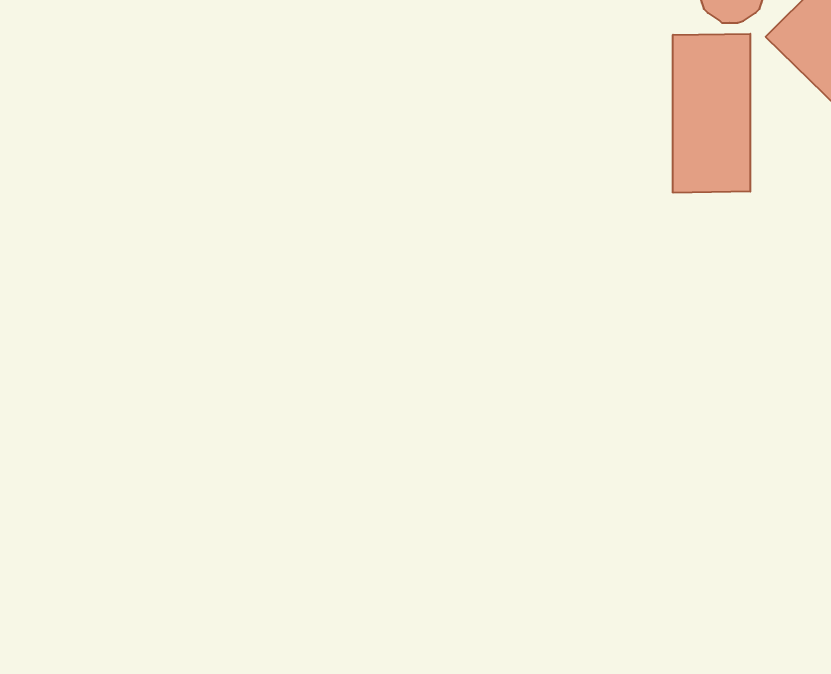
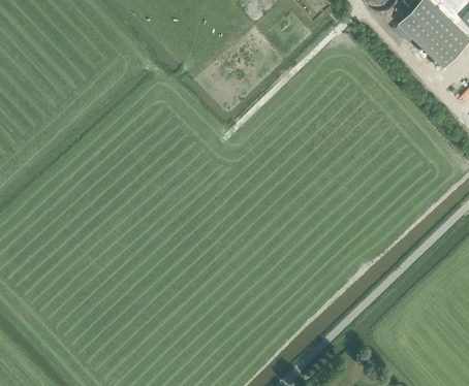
building: [673,34,750,193] -> none

